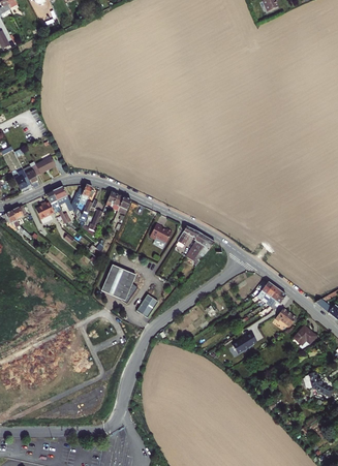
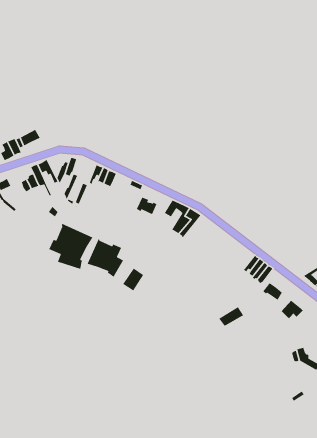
building: none -> [48,223,93,270]

